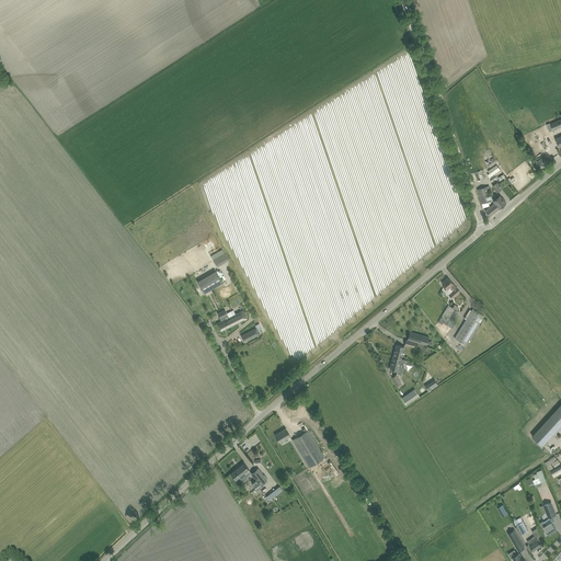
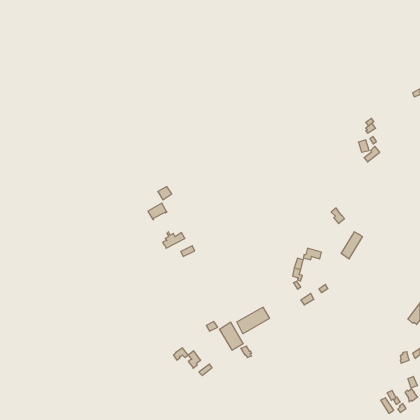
building: none -> [237,307,269,334]

